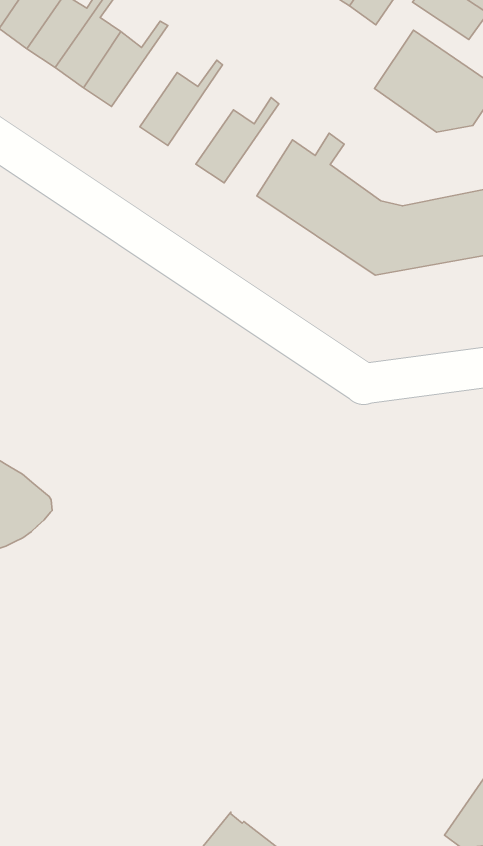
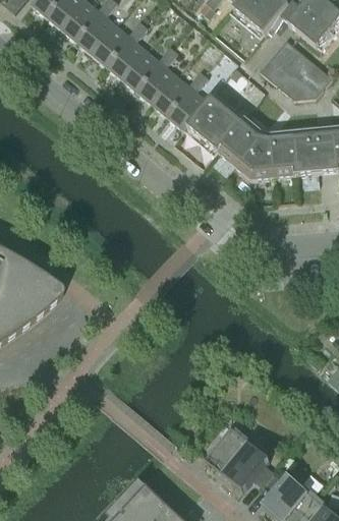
building: none -> [107,23,148,80]
building: none -> [137,49,177,105]
building: none -> [168,74,208,130]
building: none -> [204,425,269,489]

